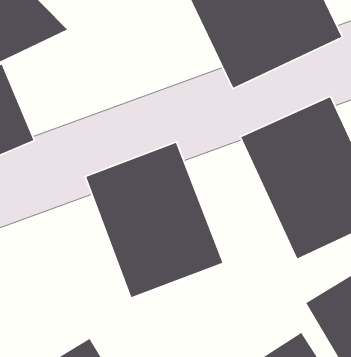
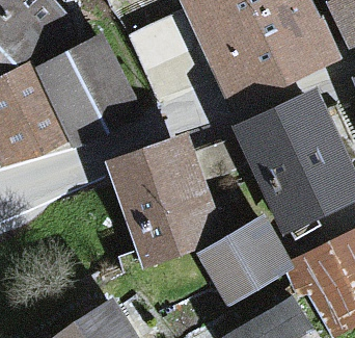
building: none -> [42,32,139,136]
building: none -> [197,216,293,308]

